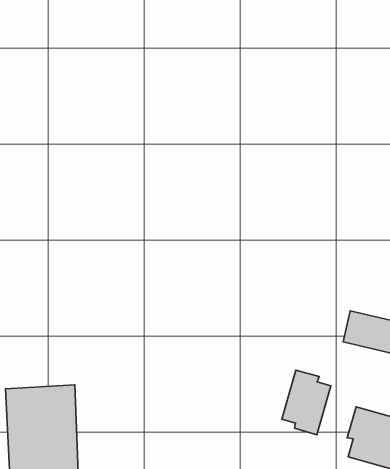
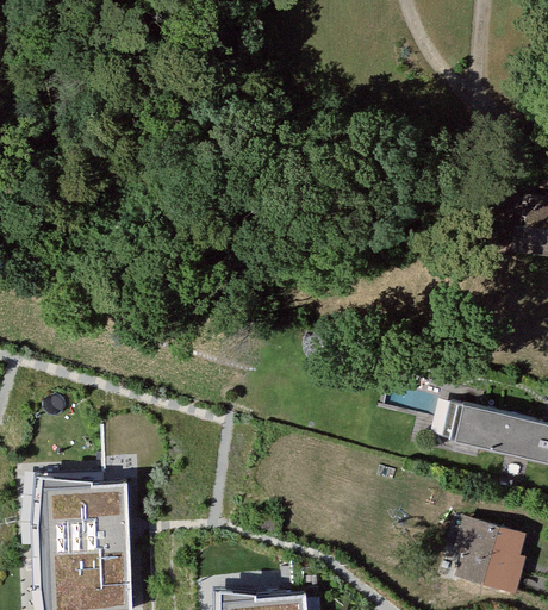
building: [282,370,331,435] -> none

